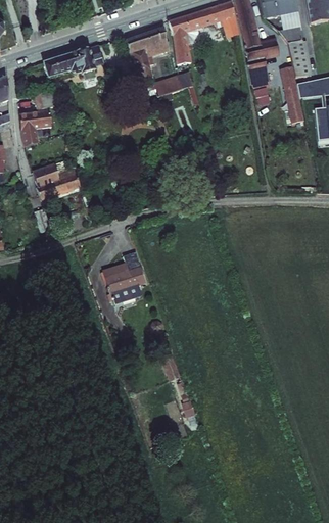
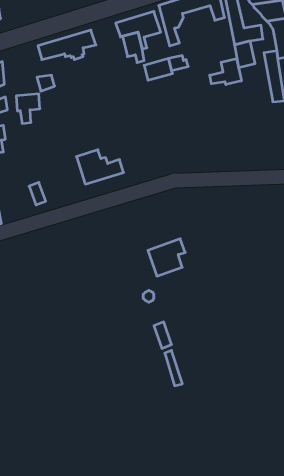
building: none -> [210,59,241,85]
building: [29,162,78,198] -> [76,150,124,184]
building: [107,262,146,300] -> [148,239,185,276]

